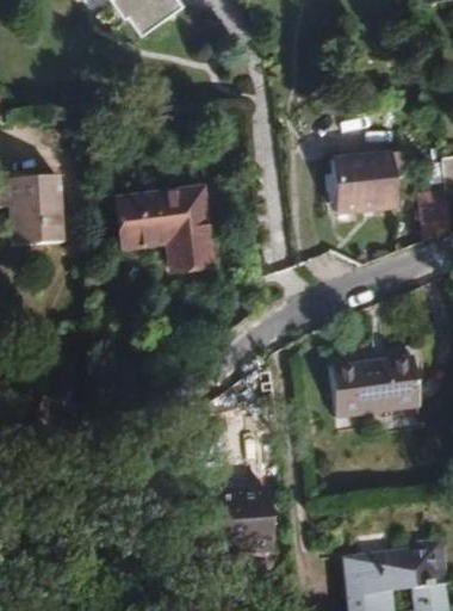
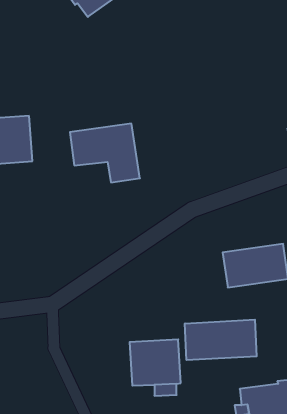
building: [328,149,404,212] -> none
building: none -> [185,320,257,360]

